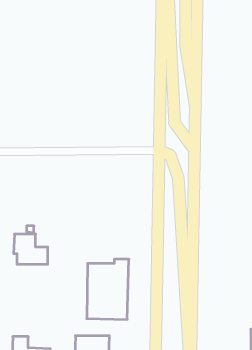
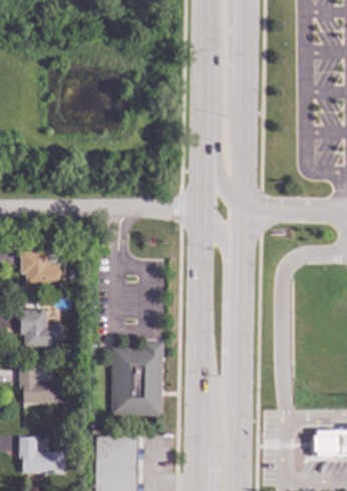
building: none -> [20,251,65,285]
building: none -> [19,366,65,403]

